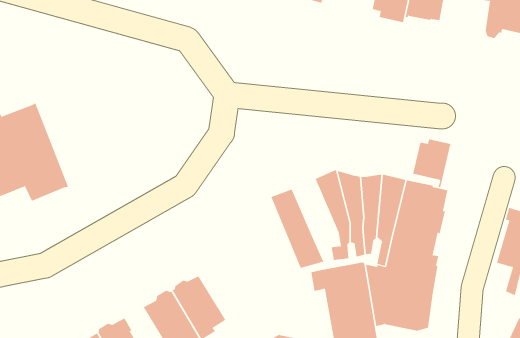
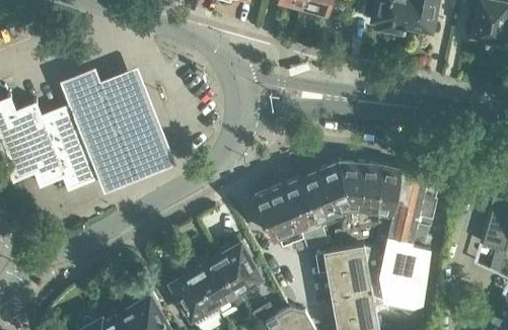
building: none -> [62,68,176,193]
building: [412,138,451,188] -> none
building: none -> [301,170,342,226]
building: none -> [256,186,308,253]
building: none -> [218,242,263,296]

